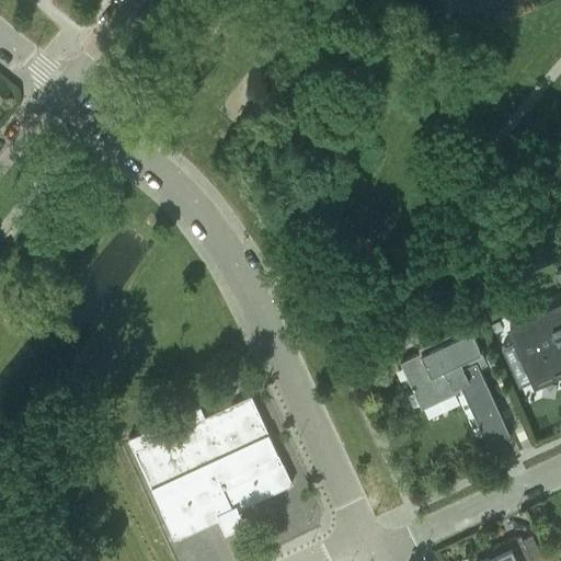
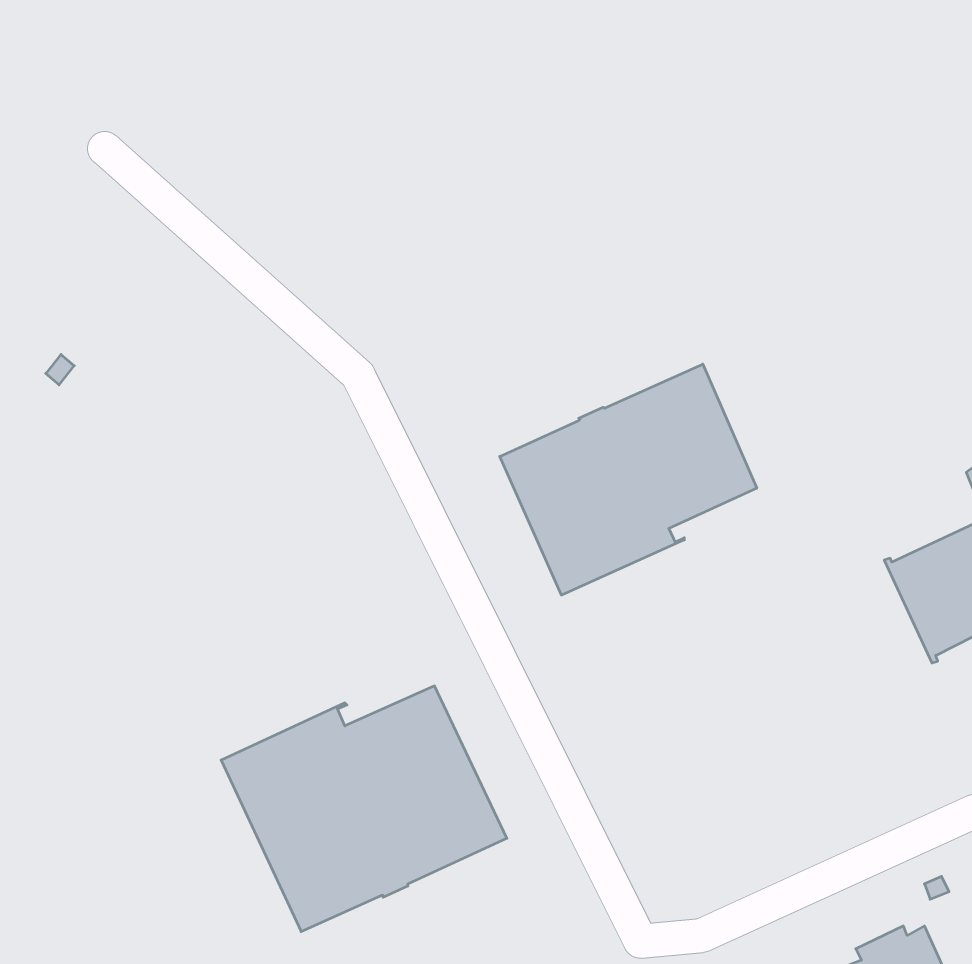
building: none -> [500,364,757,595]
building: [400,333,507,447] -> none

